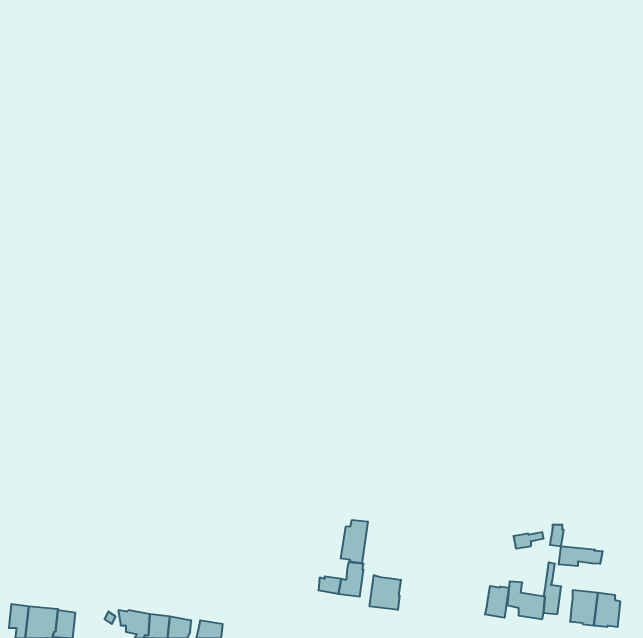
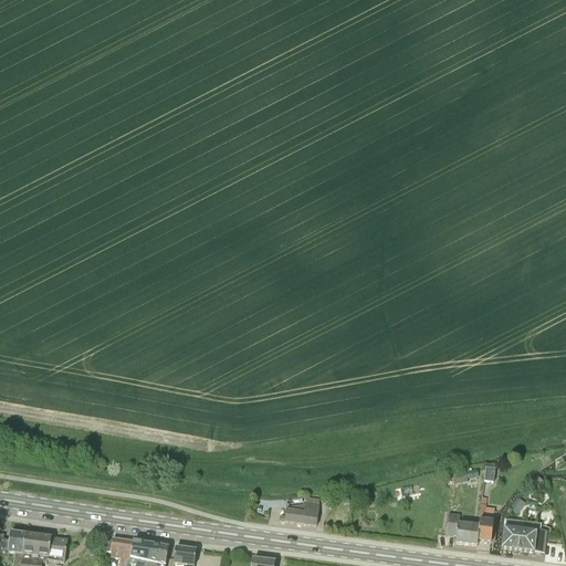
building: [341,520,368,564] -> none
building: [559,546,603,566] -> none
building: [370,575,401,610] -> none
building: [485,586,509,618] -> none

